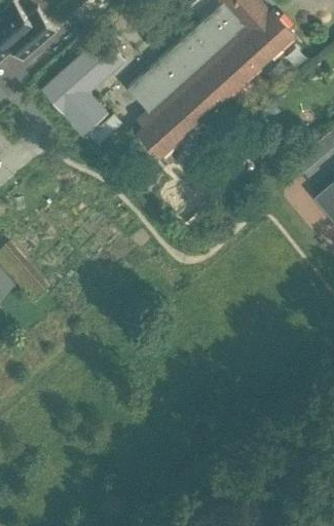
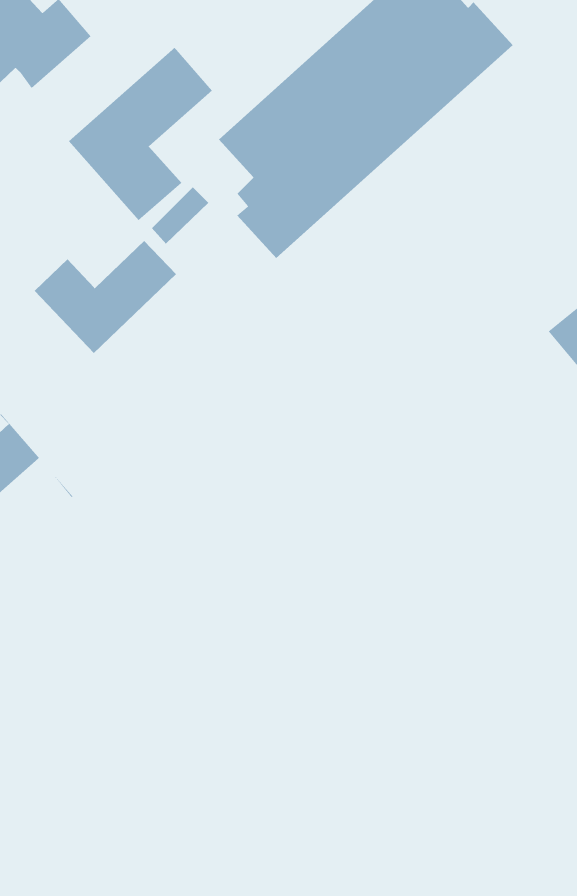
building: none -> [34,240,177,354]

